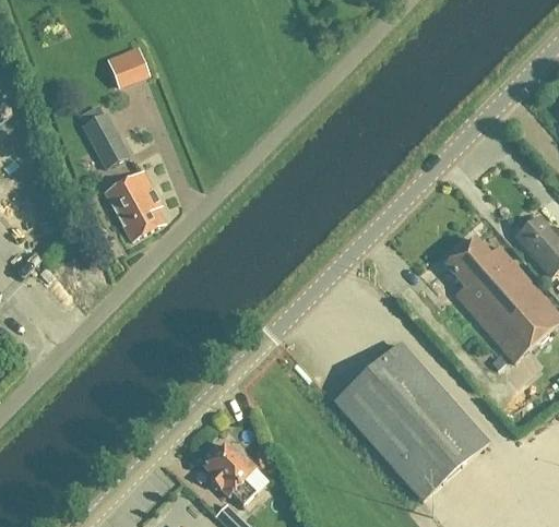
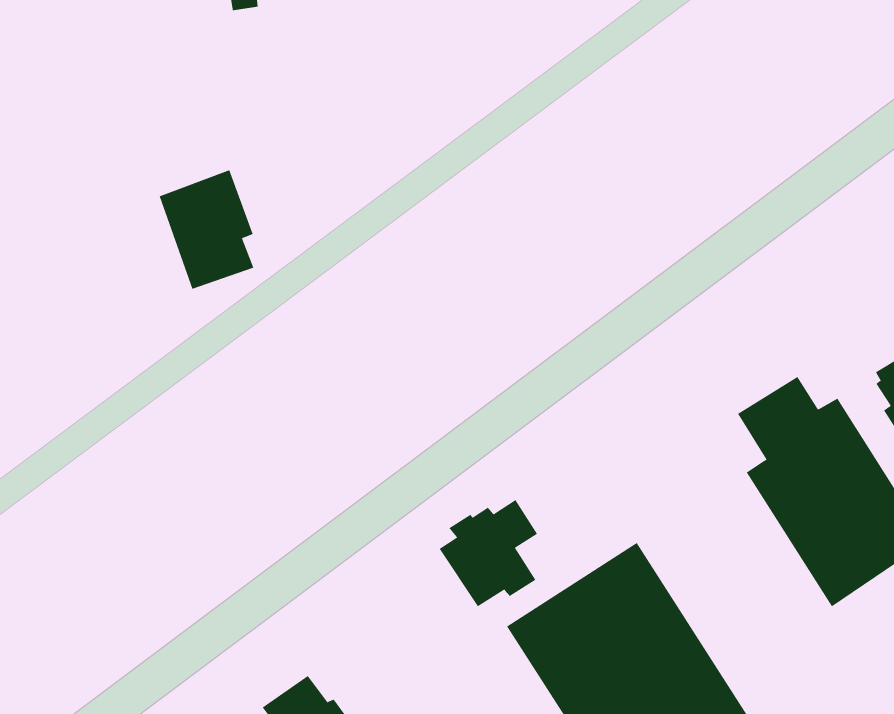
building: [82,111,128,166] -> none
building: none -> [439,499,538,607]

